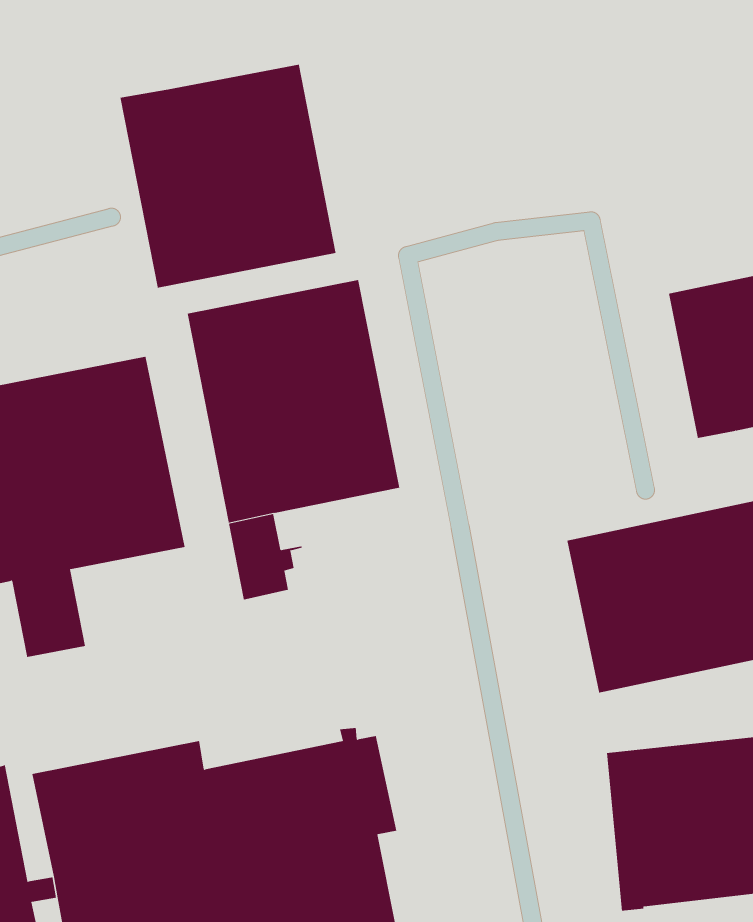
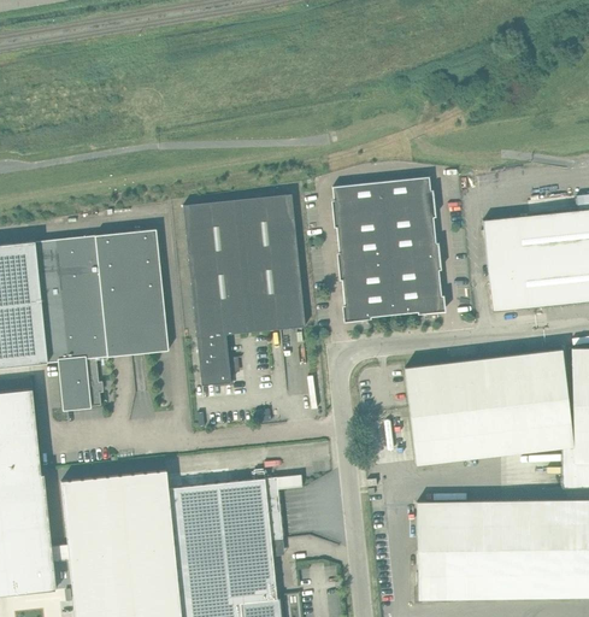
building: [120,64,336,289] -> none
building: none -> [332,177,442,321]

